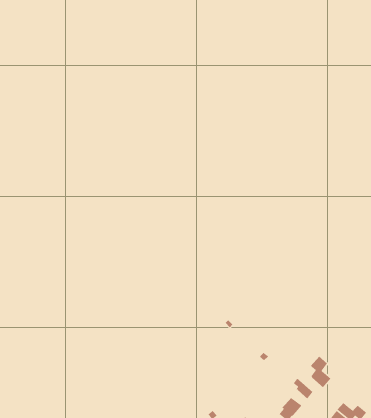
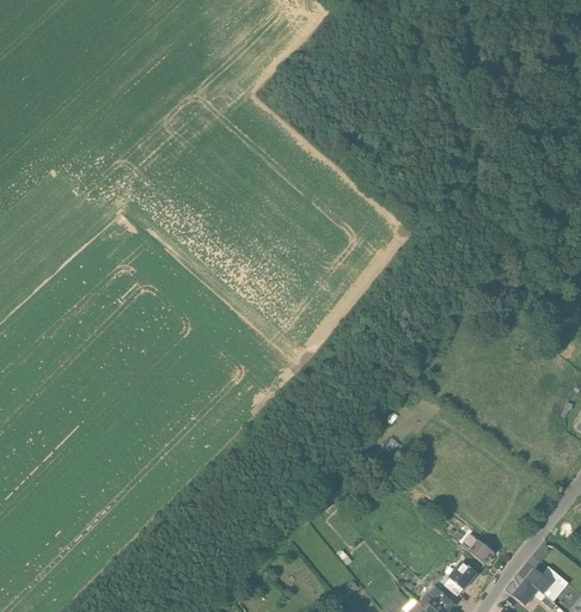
building: [310,356,331,388] -> none

